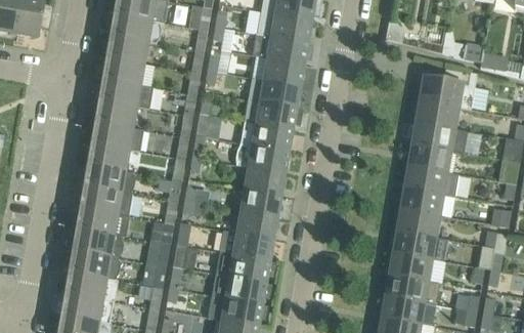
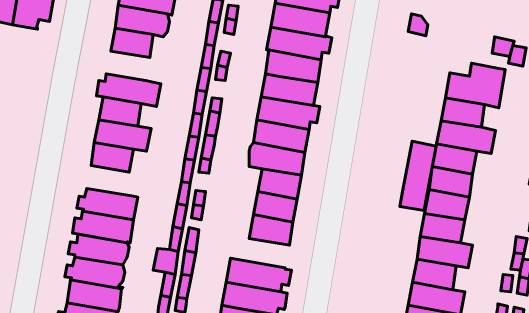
building: [102,56,143,84] -> none
building: none -> [400,141,436,210]
building: [78,164,134,193] -> none
building: [219,230,274,260] -> none

